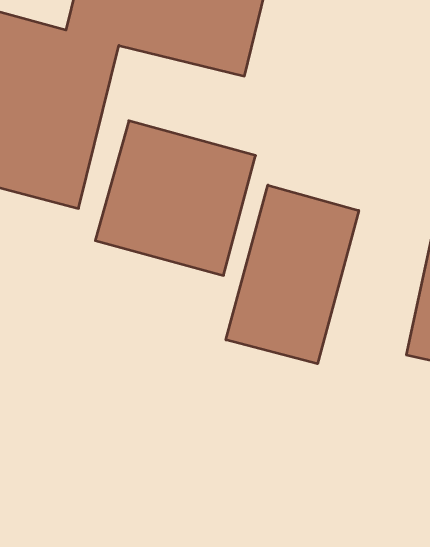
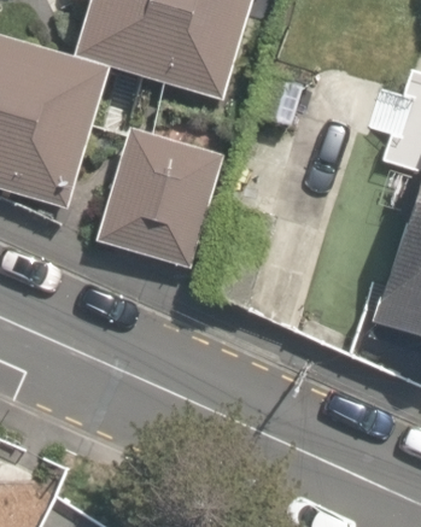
building: [226,185,359,364] -> none

